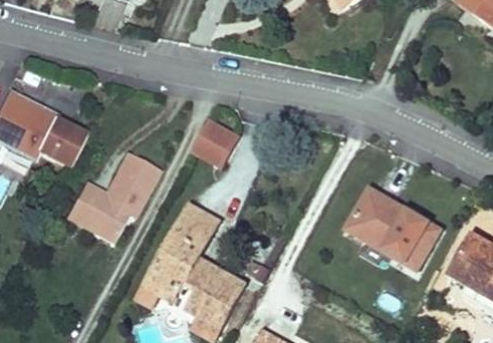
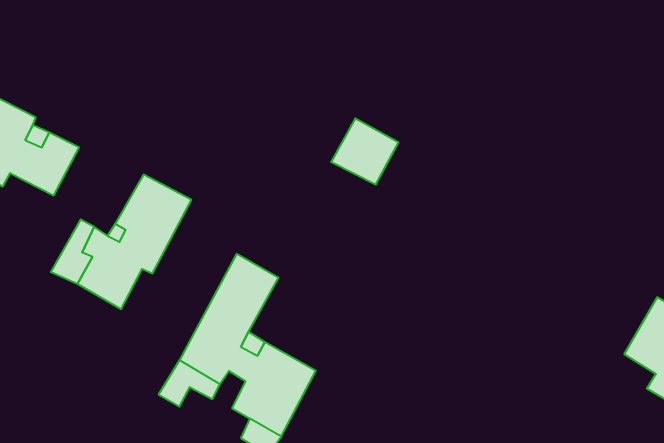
building: [194,118,239,162] -> [331,118,398,184]
building: [347,189,441,268] -> none

